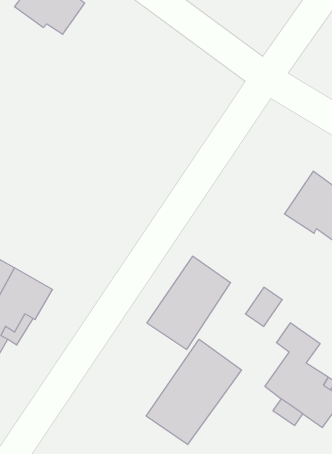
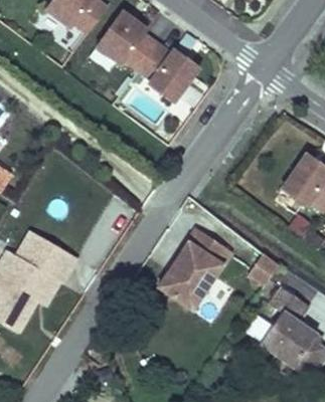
building: none -> [95,10,198,102]
building: [146,339,241,445] -> none

